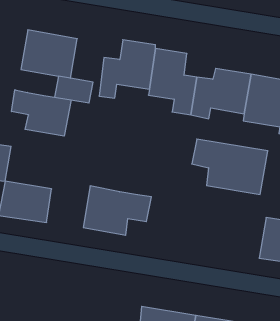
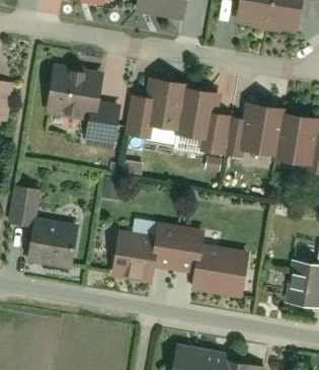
building: [12,90,71,136] -> none
building: [192,139,268,194] -> [174,239,252,296]

